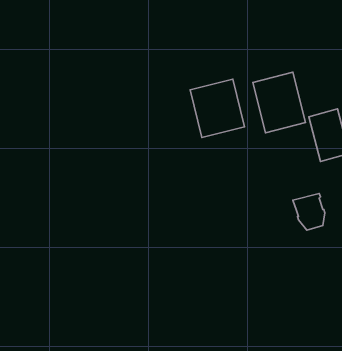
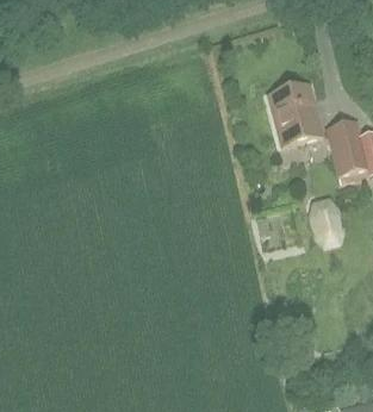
building: [190,79,244,138] -> none

